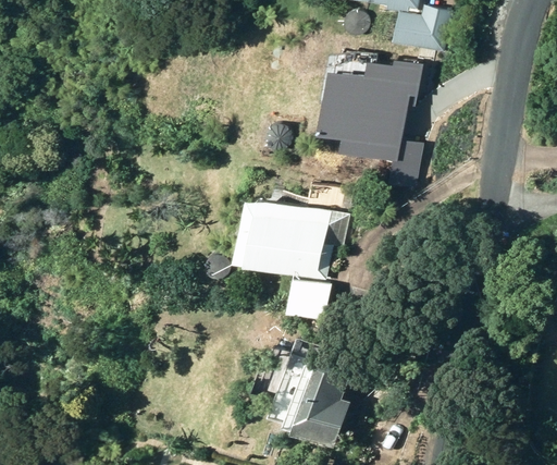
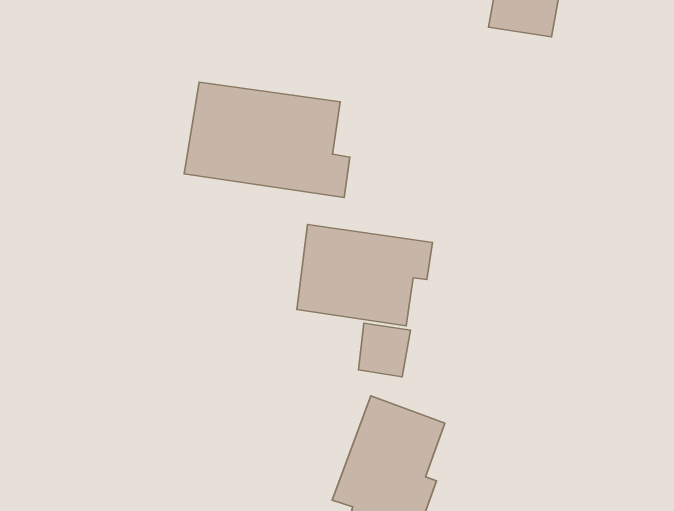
building: [318,62,420,193] -> none
building: none -> [184,82,350,197]

